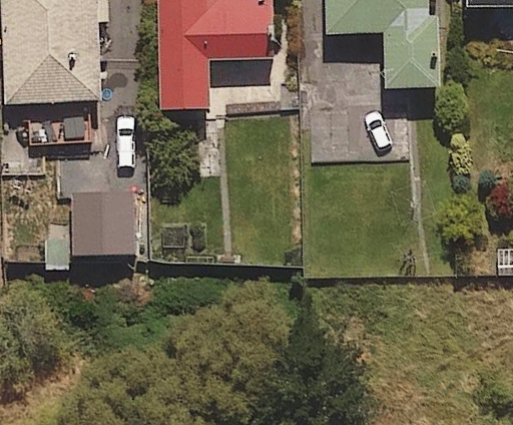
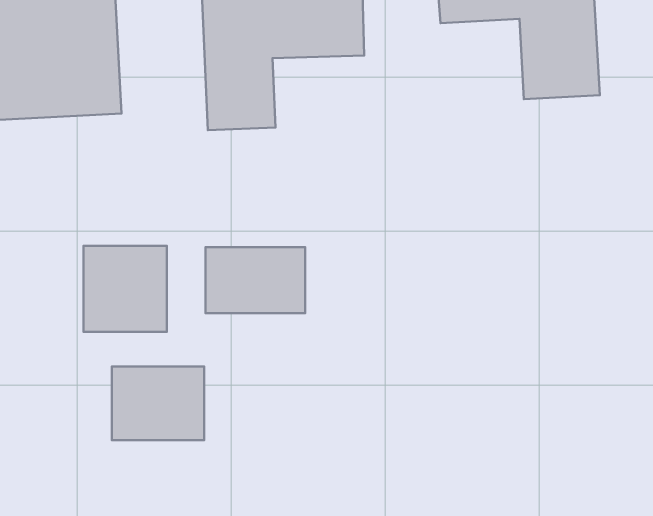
building: none -> [205,247,305,313]
building: none -> [112,366,204,440]

